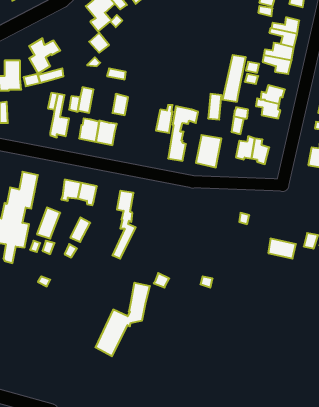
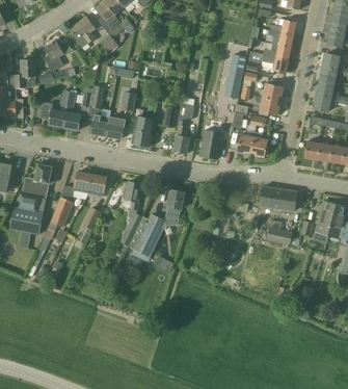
building: none -> [69,16,96,47]
building: none -> [36,94,66,127]
building: none -> [132,115,155,146]
building: none -> [260,185,297,210]
building: [95,283,150,356] -> [134,188,185,257]

